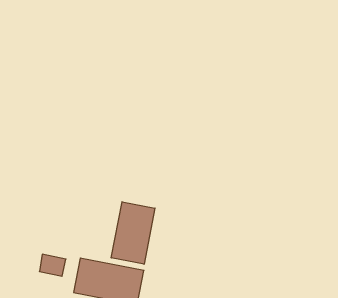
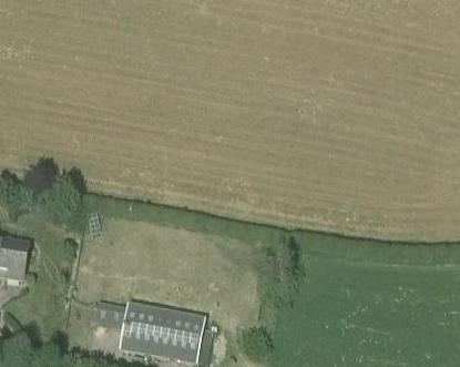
building: [111,202,155,264] -> none

